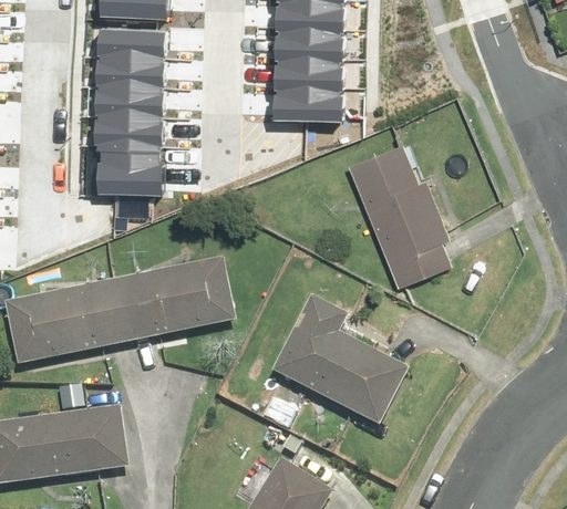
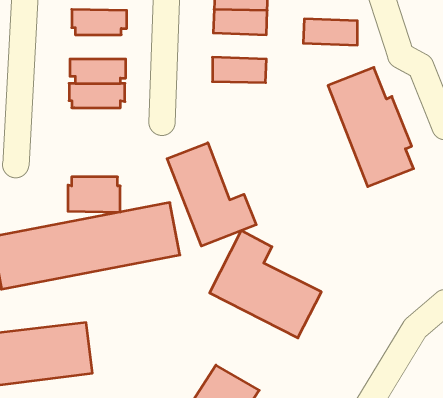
building: [274,50,340,82] -> [303,19,357,45]
building: [101,51,168,82] -> none
building: [347,139,452,285] -> [328,67,414,187]
building: [100,142,164,185] -> [68,177,120,212]
building: none -> [167,143,256,246]

